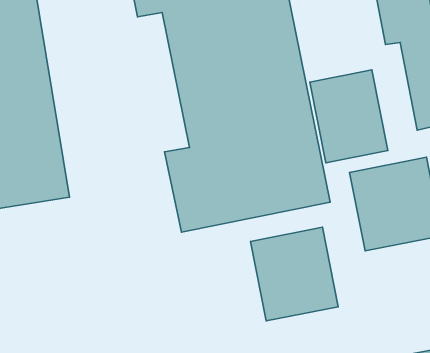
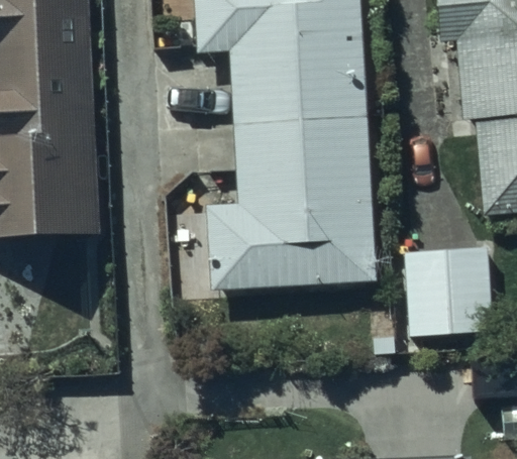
building: [310,70,388,163] -> none
building: [250,227,338,321] -> none

